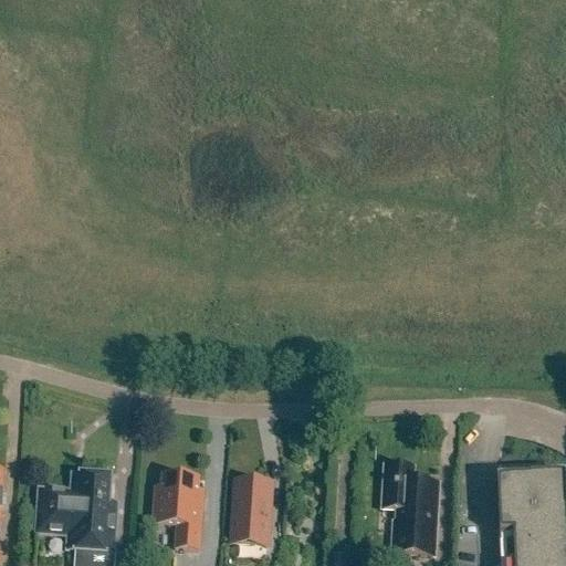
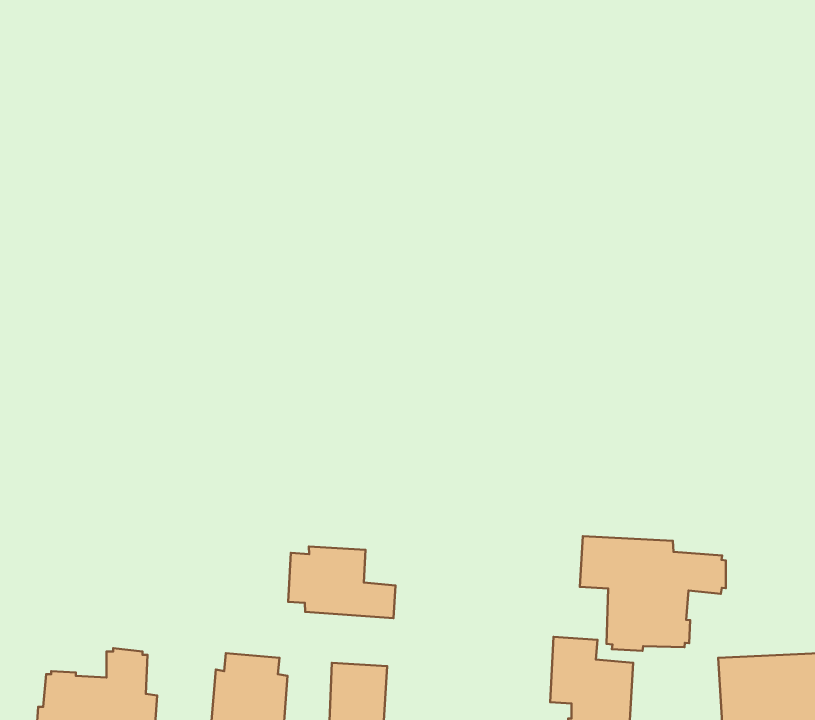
building: none -> [580,536,726,651]
building: none -> [288,546,395,618]

